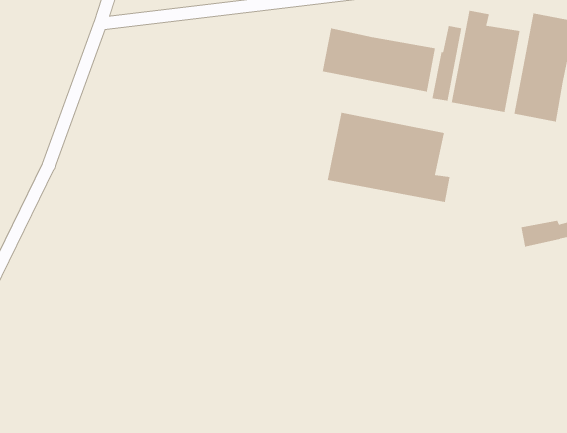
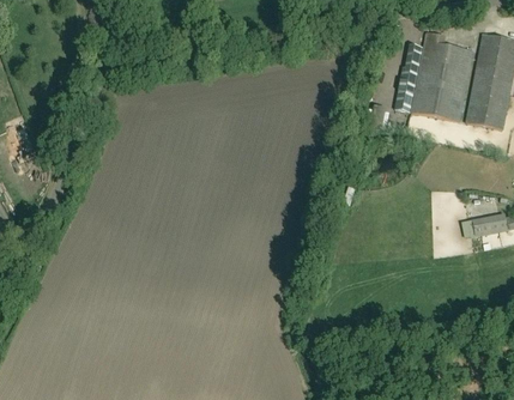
building: [322,27,436,92] -> none
building: [327,112,450,203] -> none

